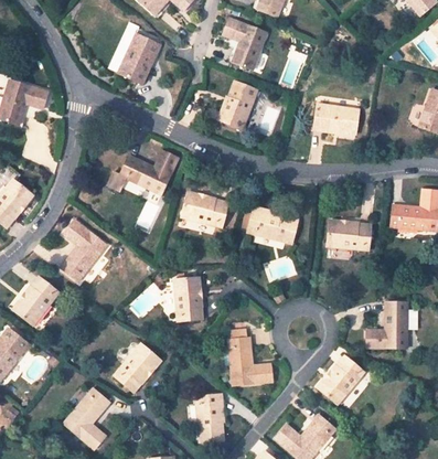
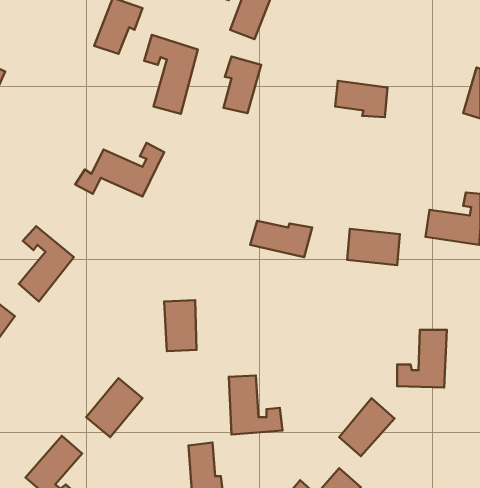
building: none -> [144,35,198,114]
building: [180,191,226,226] -> none

